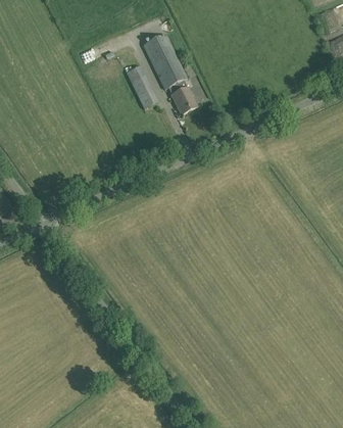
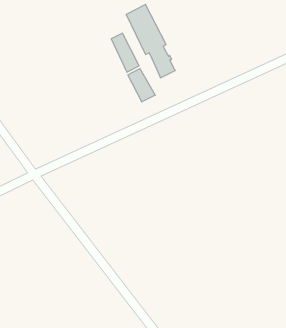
building: none -> [128,69,155,102]

